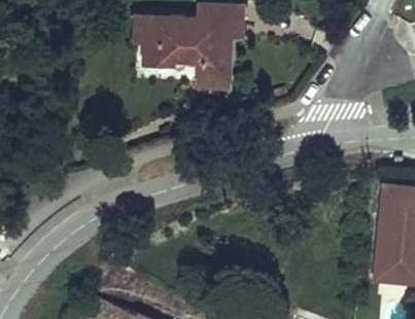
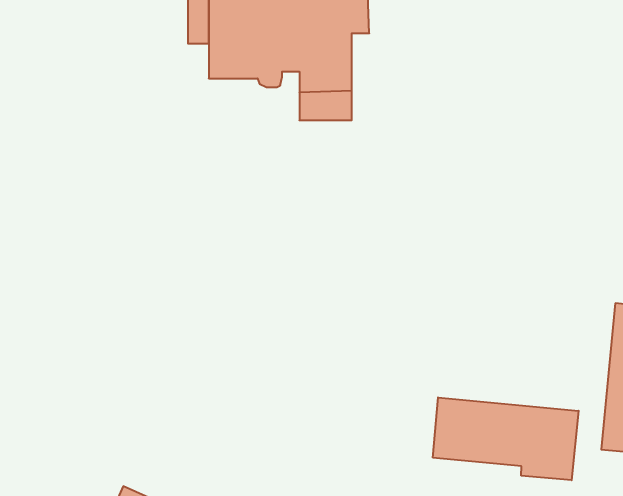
building: none -> [433,397,579,480]

